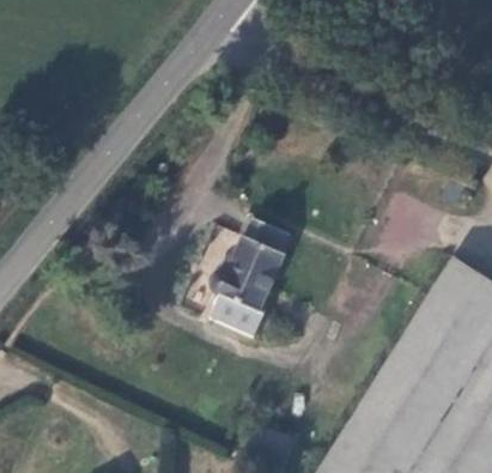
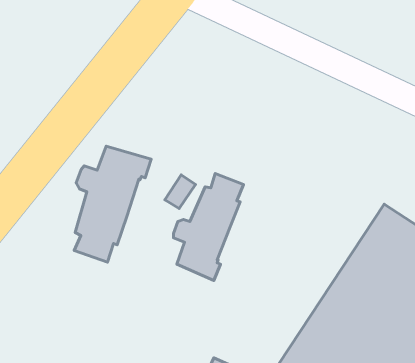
building: none -> [74,146,151,262]

